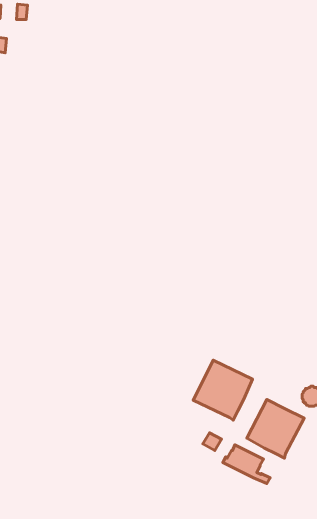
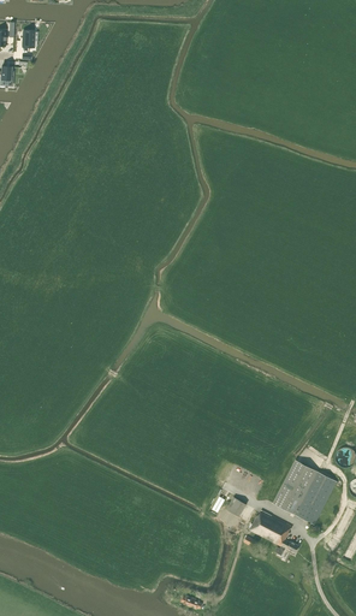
building: [193,360,253,420] -> none

